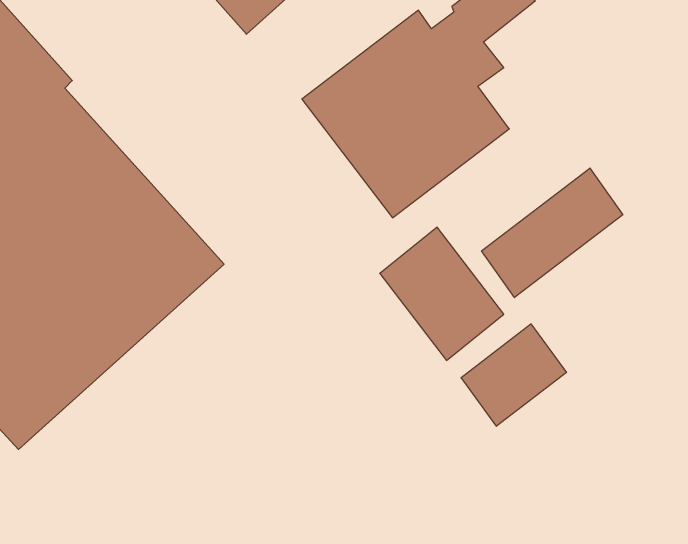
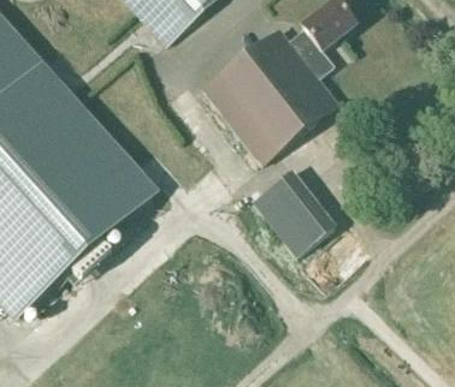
building: [482,168,623,298] -> none
building: [461,324,566,426] -> none

